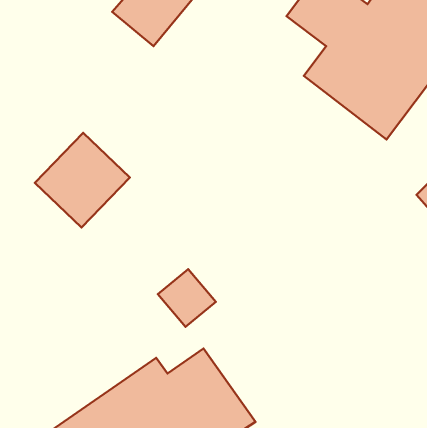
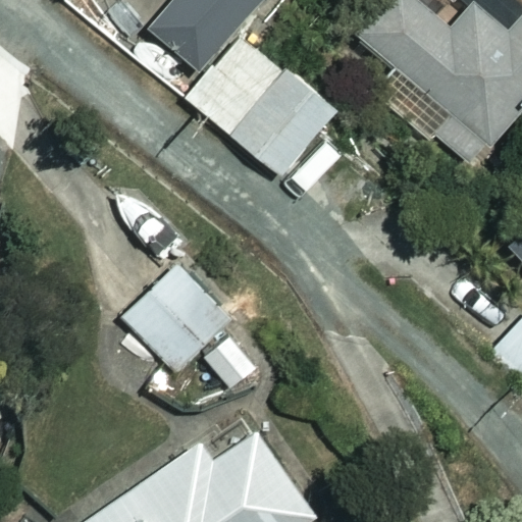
building: none -> [190,34,334,173]
building: [35,133,130,228] -> [122,261,234,373]

